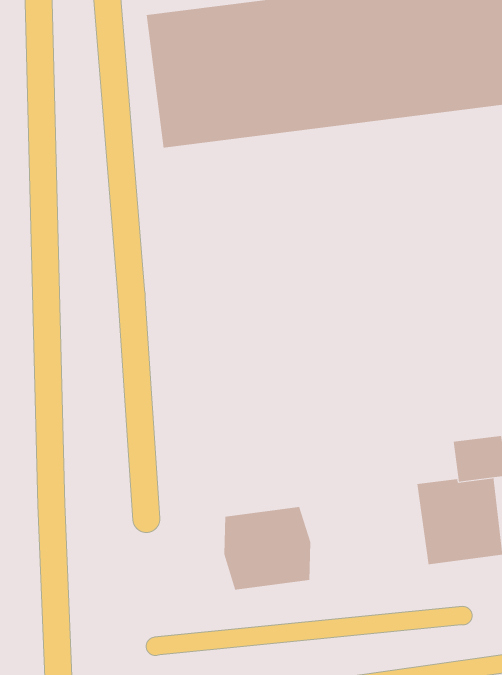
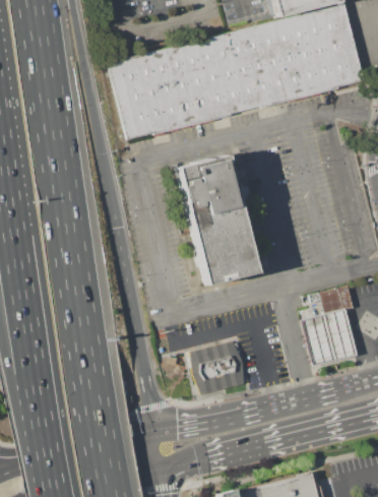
building: none -> [178,154,257,285]

